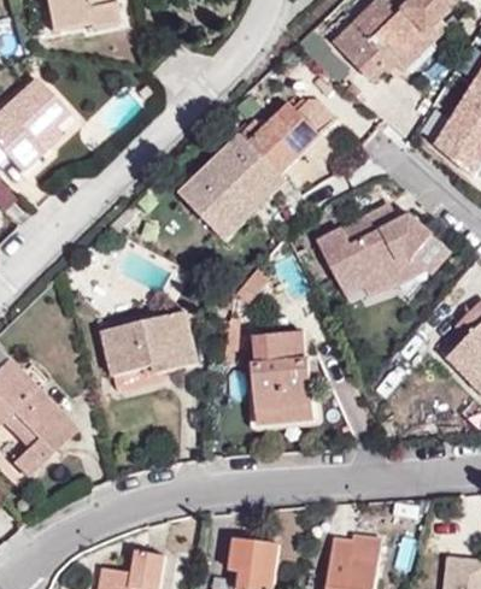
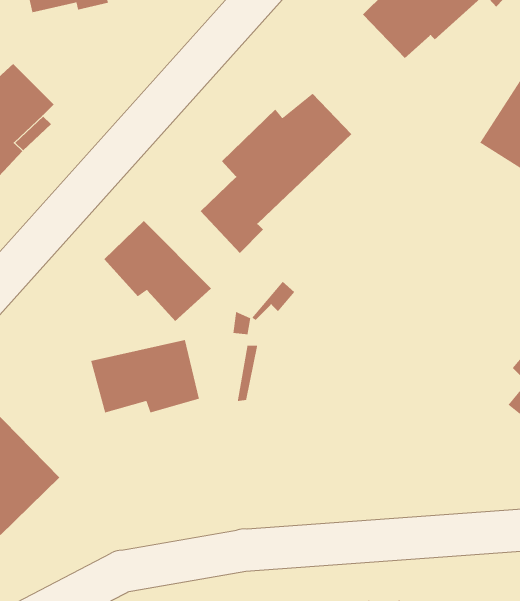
building: [313,204,452,306] -> none
building: none -> [104,220,212,322]
building: [253,330,312,418] -> none

